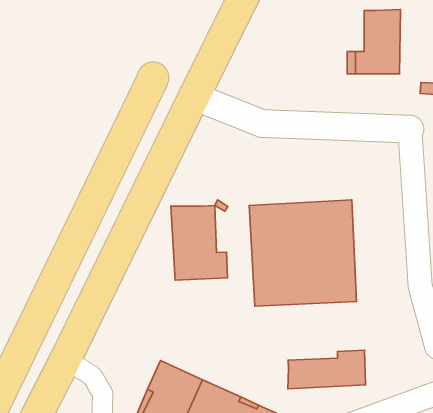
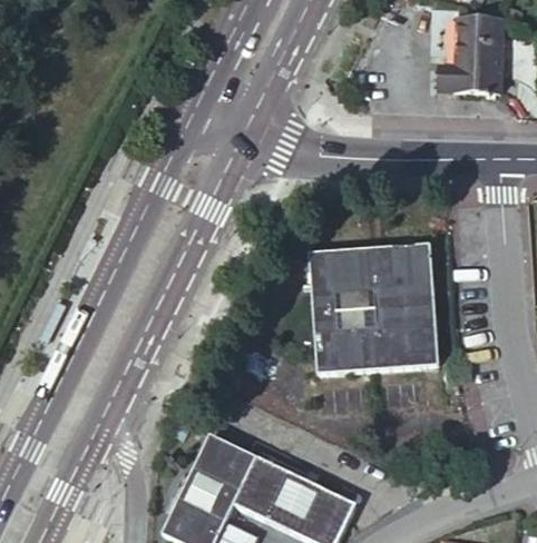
building: [171,206,228,280] -> none
building: [288,350,366,389] -> none

